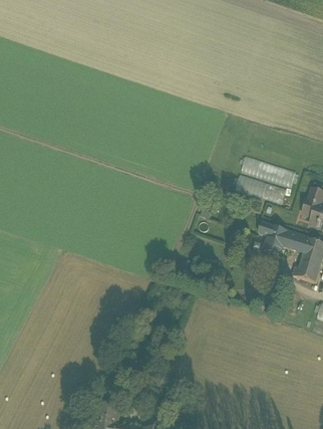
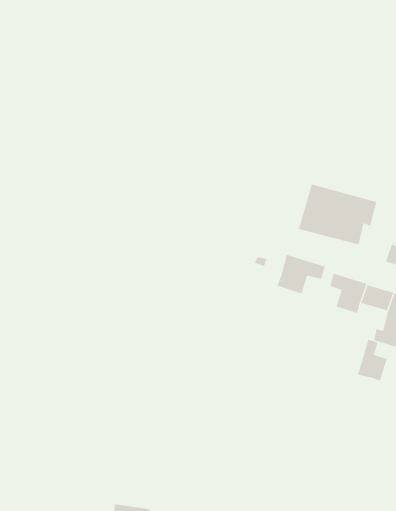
building: none -> [277,254,326,294]
building: none -> [358,339,387,381]

